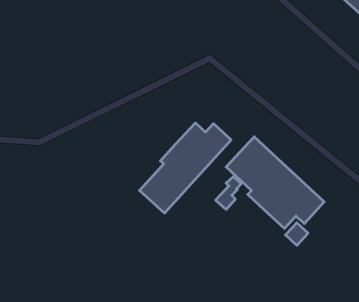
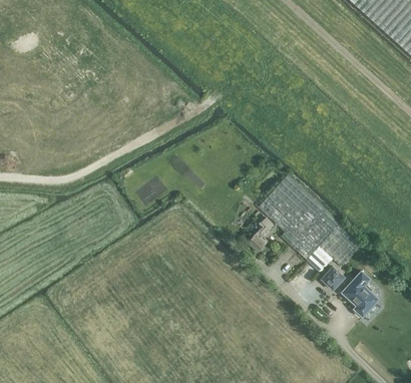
building: [139,123,231,213] -> none
building: none -> [342,271,379,317]

